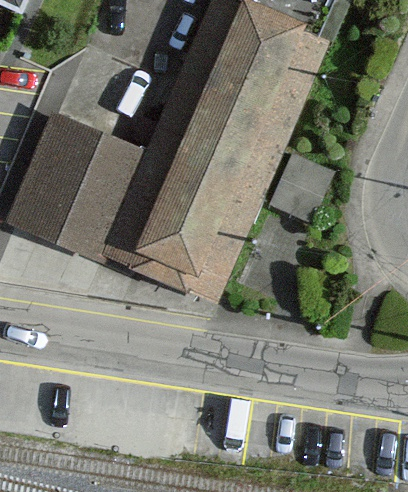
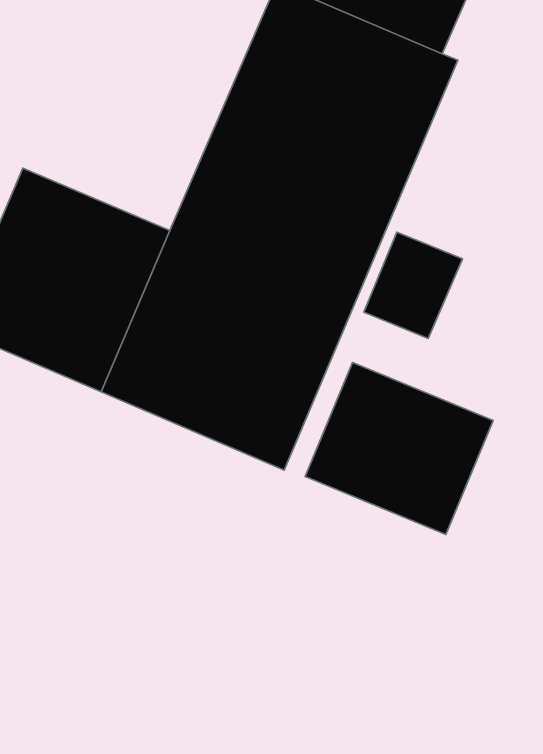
building: none -> [305,363,493,534]

